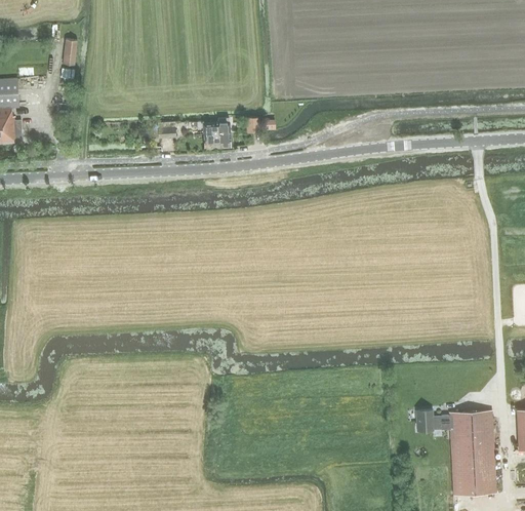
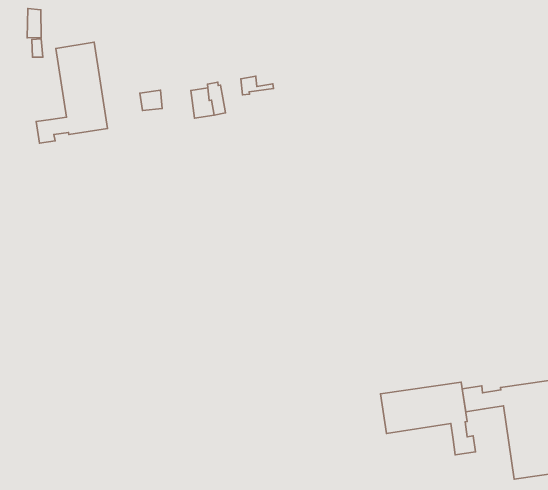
building: none -> [36,42,108,143]
building: none -> [380,382,475,455]

